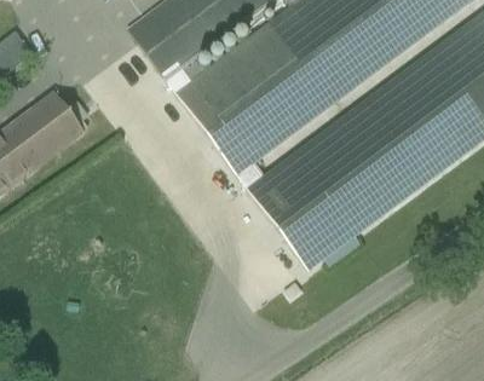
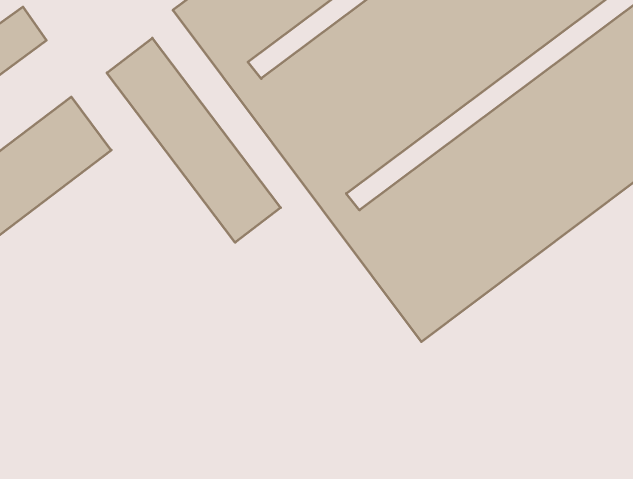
building: none -> [107,38,281,242]

